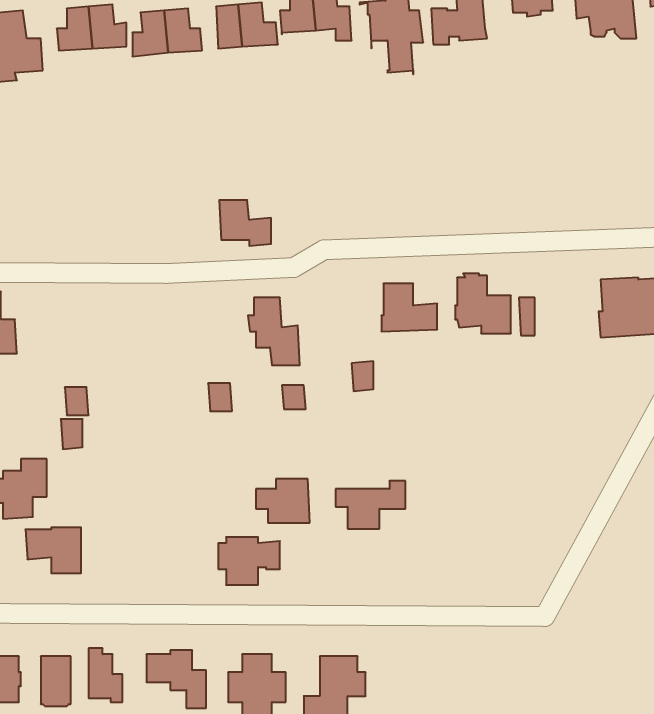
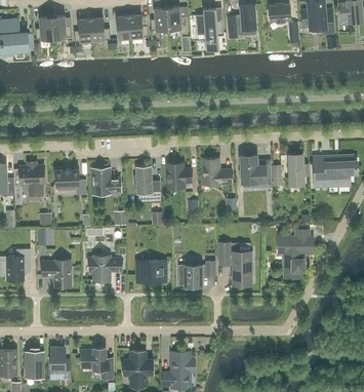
building: [219,200,271,246] -> [93,169,120,193]
building: none -> [288,156,309,185]
building: none -> [13,166,44,205]
building: none -> [167,166,191,189]
building: none -> [55,170,86,195]
building: none -> [278,237,313,273]
building: none -> [219,243,252,279]
building: [25,527,81,573] -> [41,261,70,284]
building: [218,537,280,585] -> [89,256,121,280]

